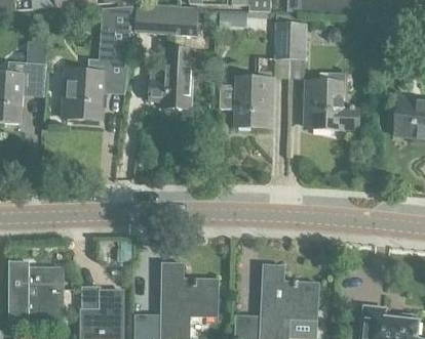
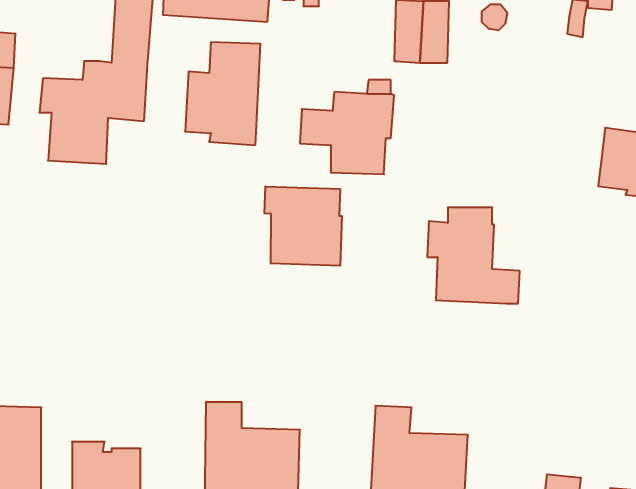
building: [305,72,360,129] -> [427,207,520,303]
building: none -> [264,186,342,266]

